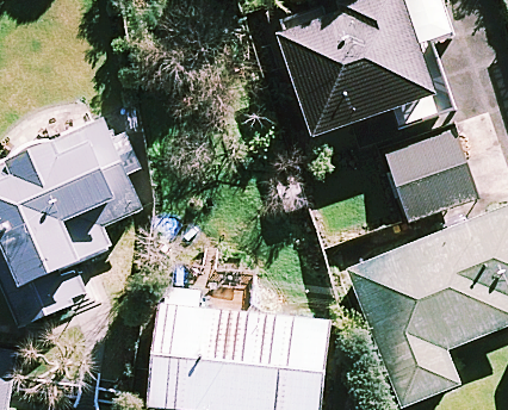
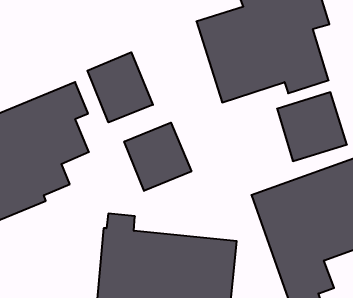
building: none -> [87,52,153,122]
building: none -> [124,123,191,191]

